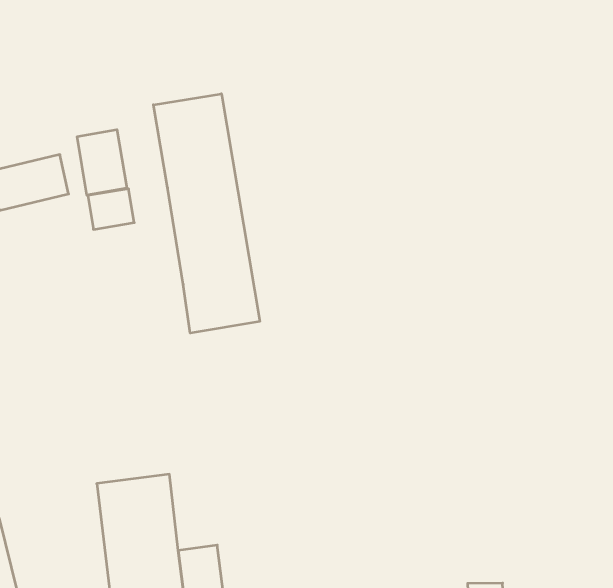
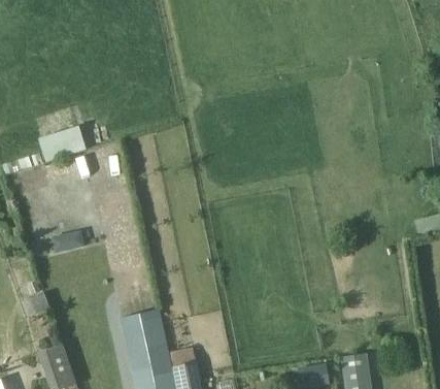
building: [153,94,260,333] -> none
building: [77,130,127,195] -> none

